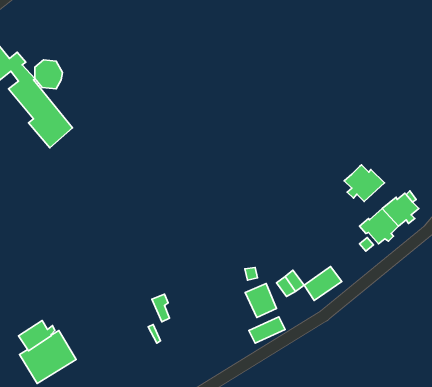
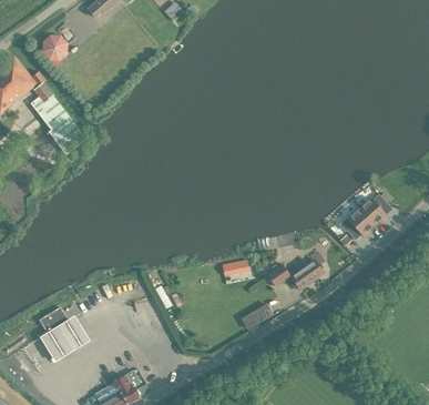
building: [35,60,62,89] -> [42,36,67,61]
building: [344,165,385,202] -> none
building: [245,284,276,318] -> none

